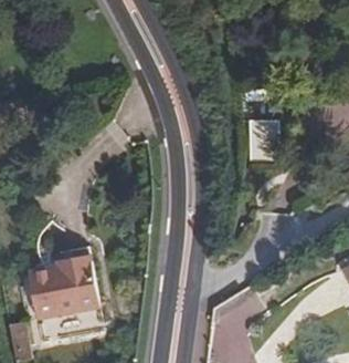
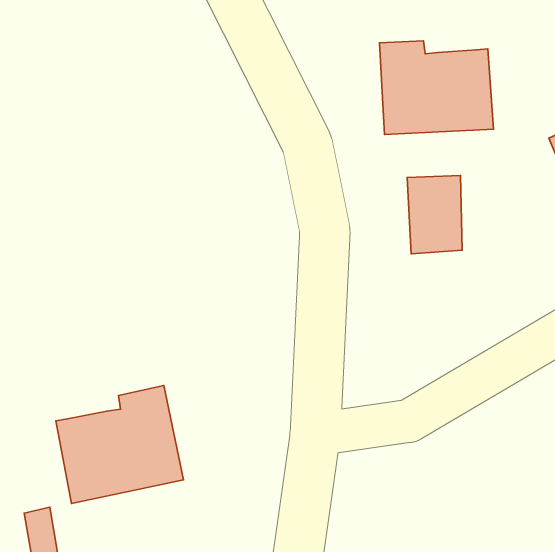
building: none -> [380,41,493,135]

